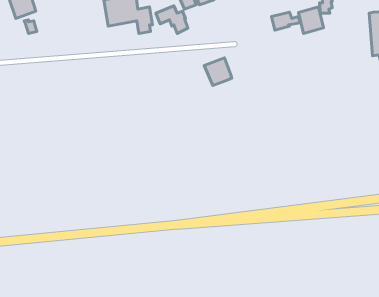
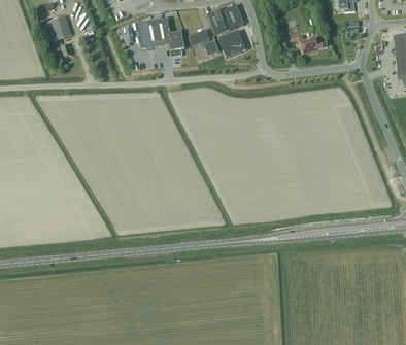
building: [299,7,323,34] -> none
building: [204,58,232,86] -> [218,30,245,57]

